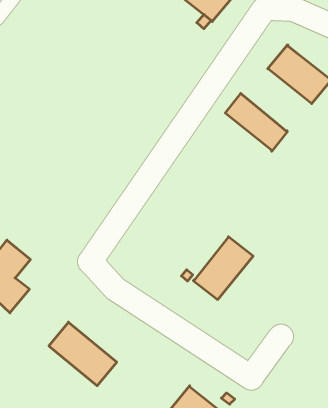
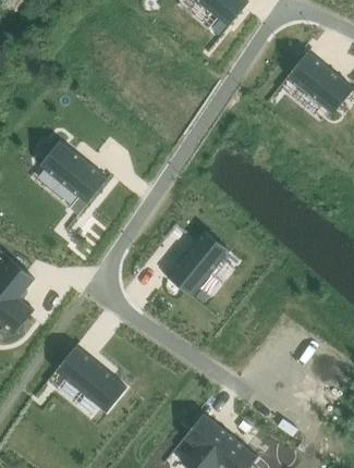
building: [225,93,287,151] -> none
building: none -> [40,141,107,215]
building: [193,237,253,299] -> [167,231,230,297]

